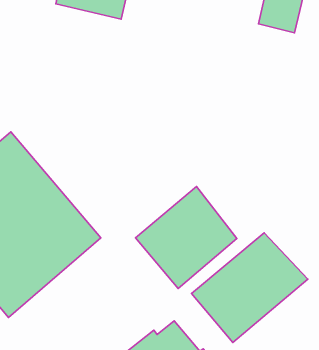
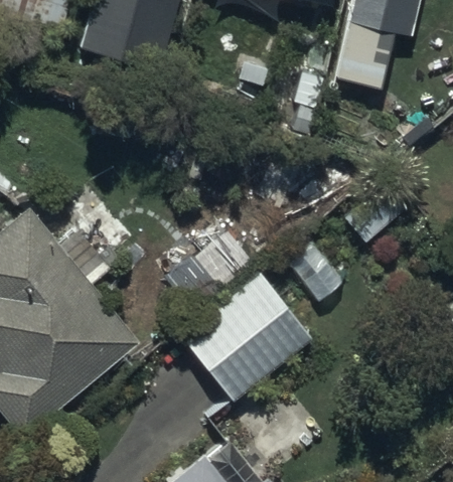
building: [192,233,308,342] -> none

